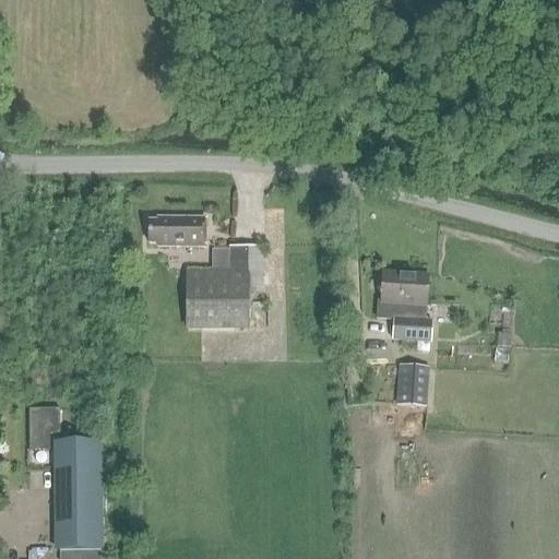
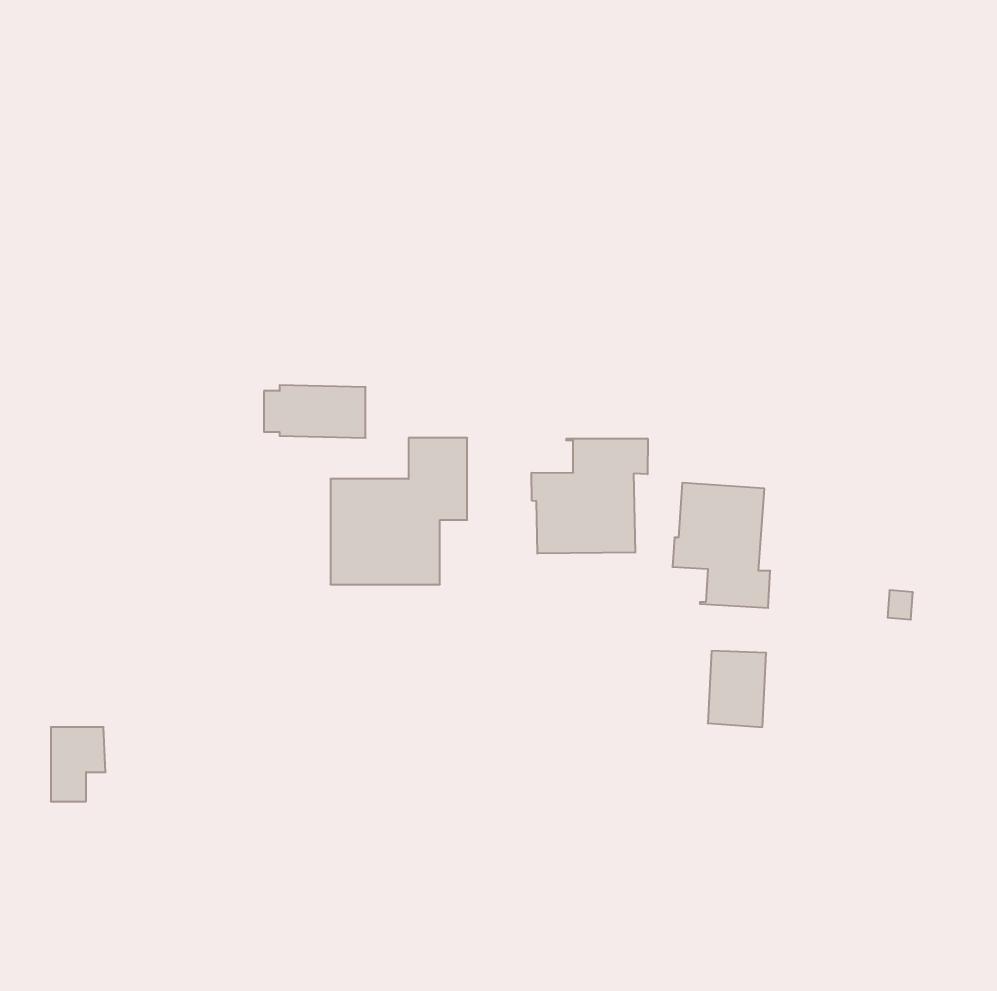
building: none -> [532,439,648,554]
building: [57,439,100,548] -> none

